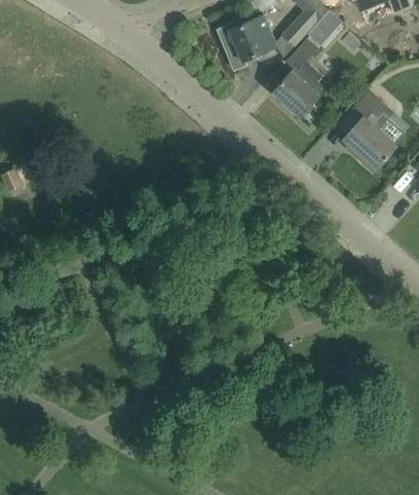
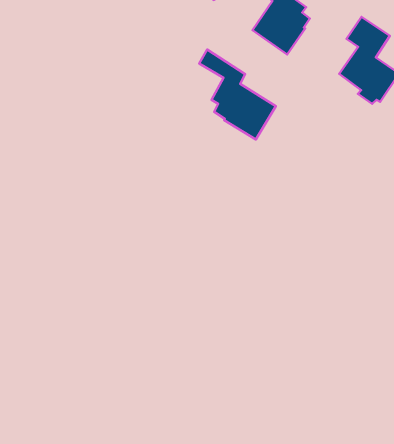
building: none -> [199,50,276,140]

